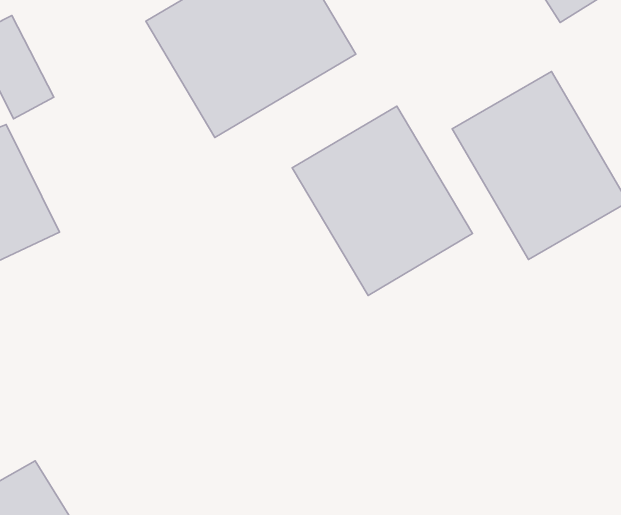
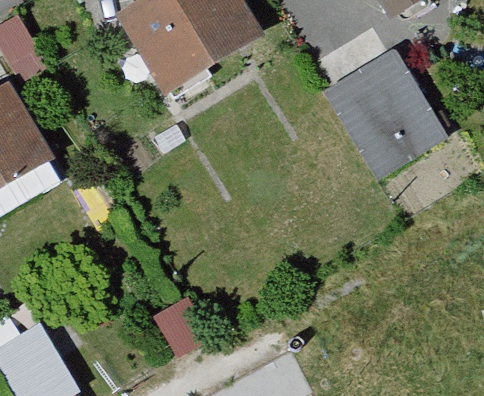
building: [292,106,472,295] -> none

